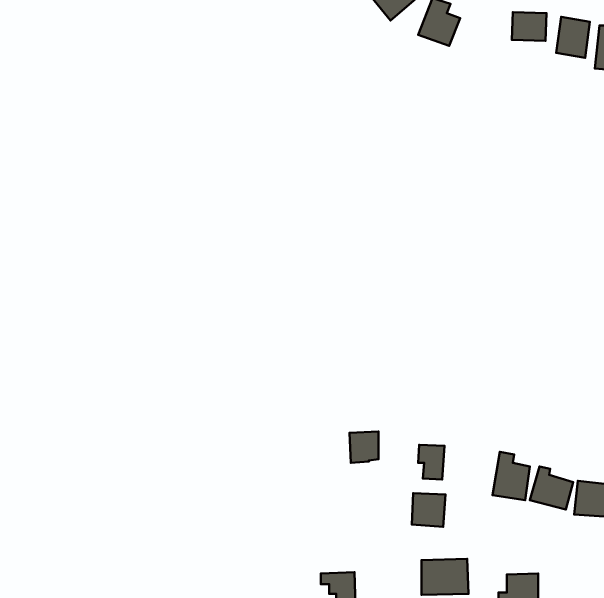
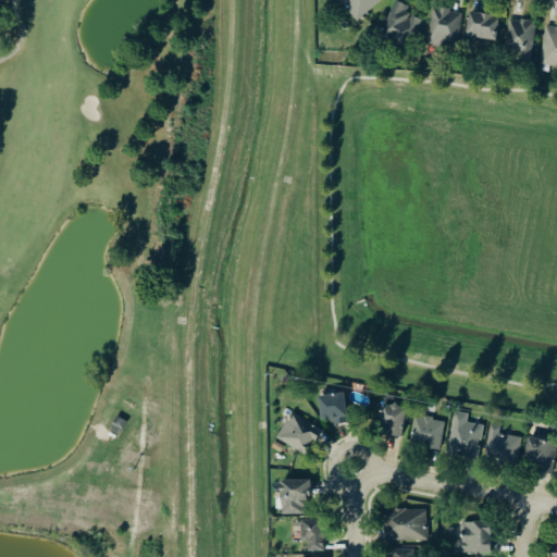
building: none -> [429,9,460,45]
building: none -> [277,411,320,454]
building: [412,493,446,527] -> [413,417,444,447]
building: none -> [281,480,309,515]

